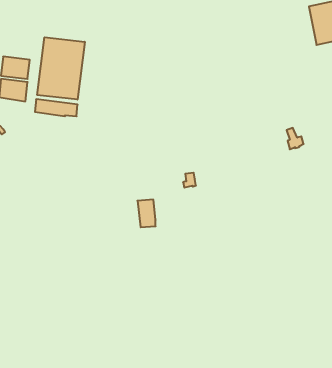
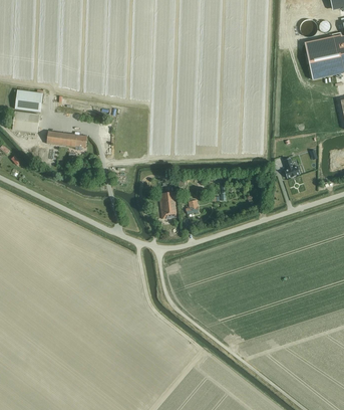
building: [37,37,85,100] -> none
building: [137,200,156,227] -> [158,192,176,218]

